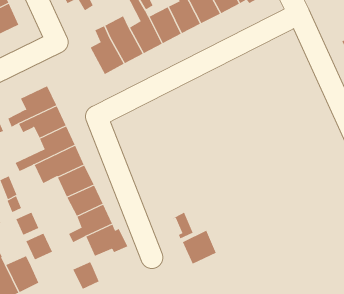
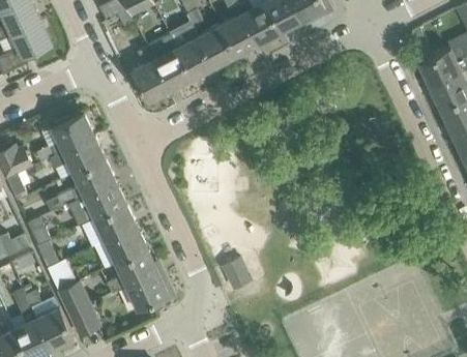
building: [182,230,216,264] -> none
building: [72,261,100,290] -> [68,304,99,336]

